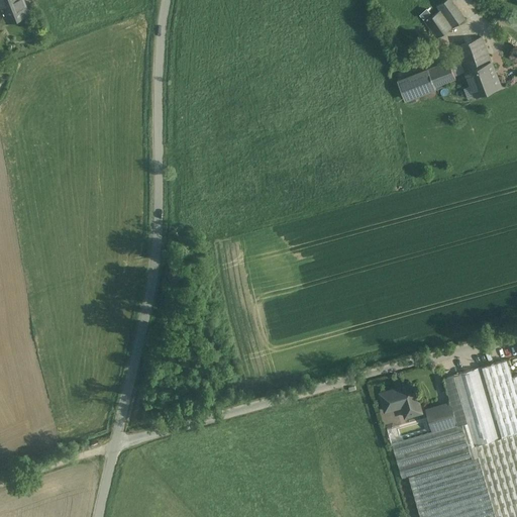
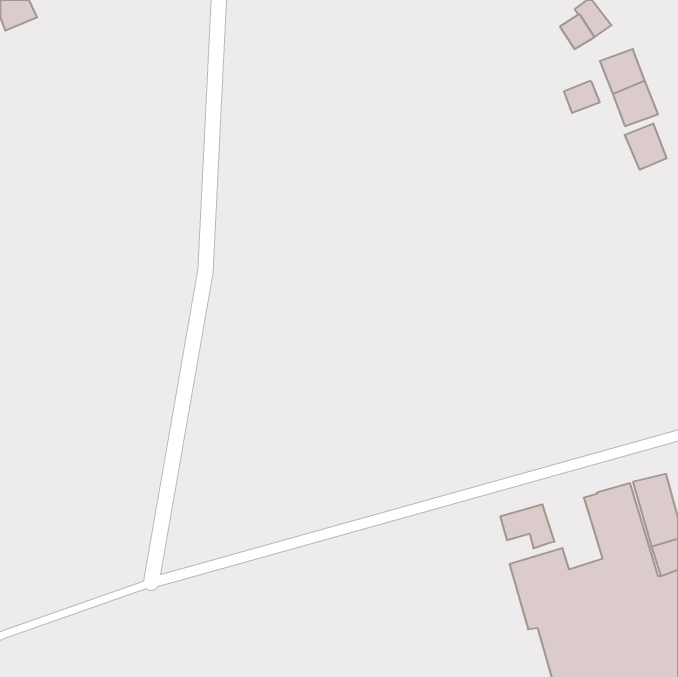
building: [400,70,436,100] -> none
building: none -> [625,123,667,170]
building: [426,403,458,434] -> none

